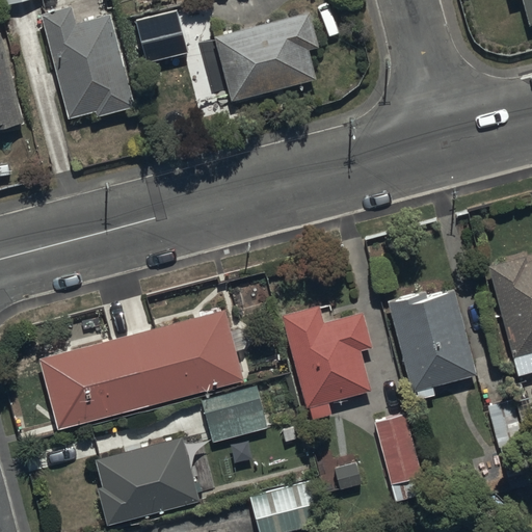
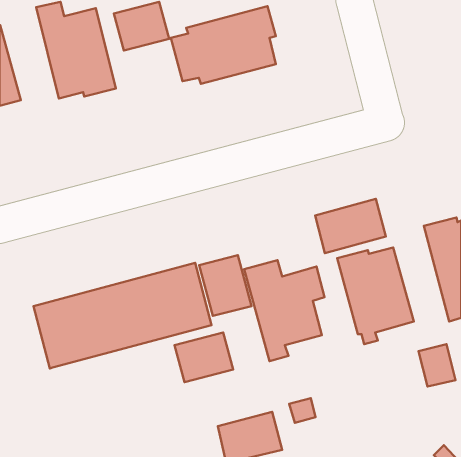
building: none -> [315,199,386,253]
building: none -> [199,255,251,316]
building: [373,414,427,505] -> none
building: [96,437,200,525] -> none

